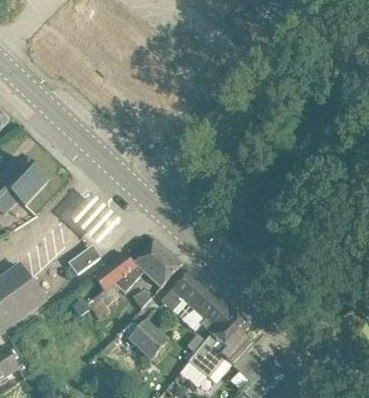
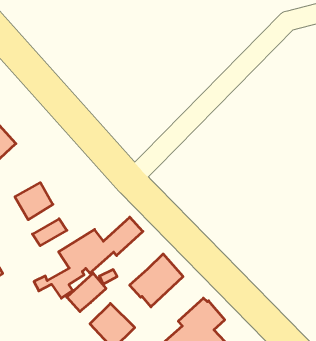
building: none -> [15,183,53,220]
building: [146,250,181,286] -> [67,273,106,312]
building: [181,288,228,330] -> none

